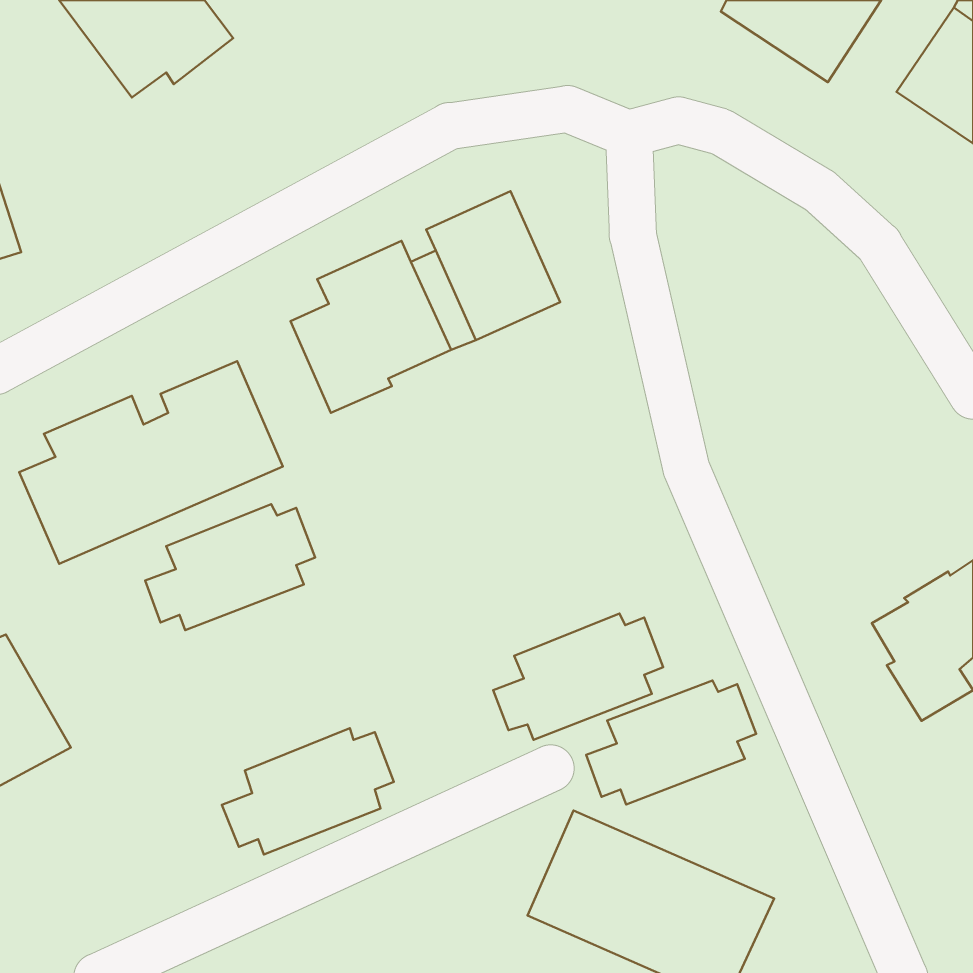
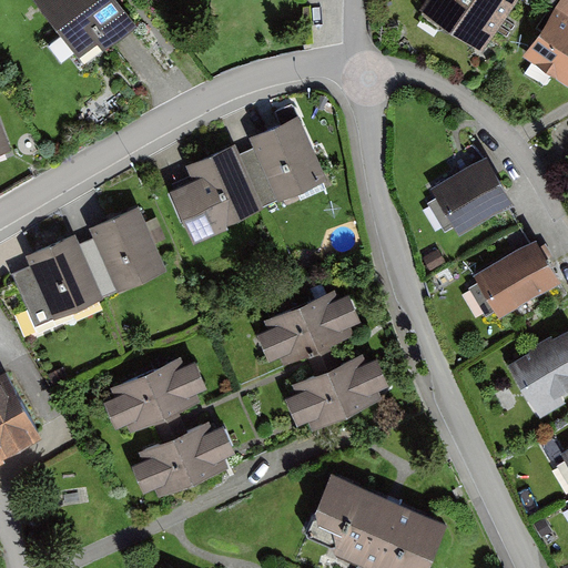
building: none -> [430,154,514,234]
building: none -> [473,237,560,316]
building: [145,504,315,630] -> [106,358,205,432]
building: [586,680,756,805] -> [256,295,355,367]

